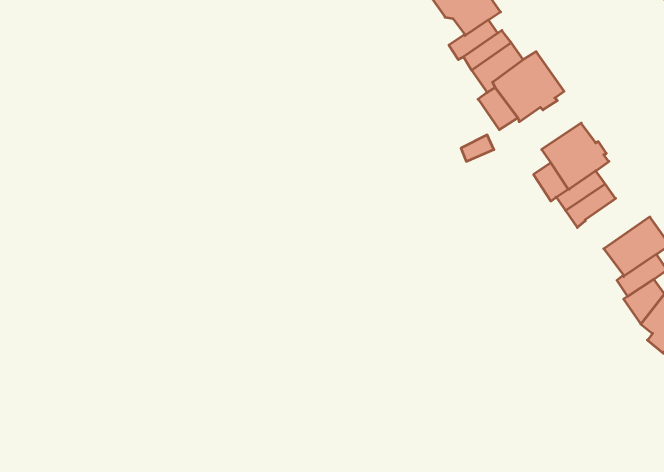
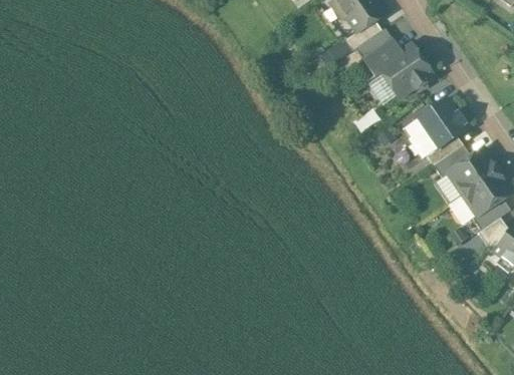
building: none -> [448,147,497,194]

